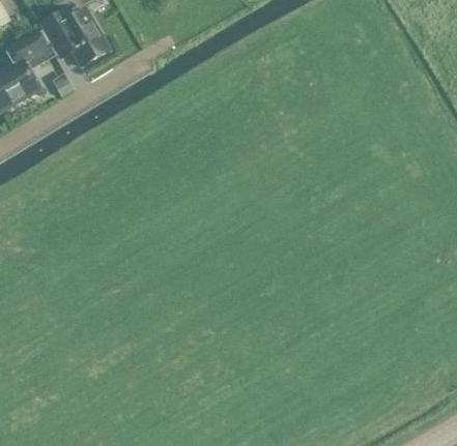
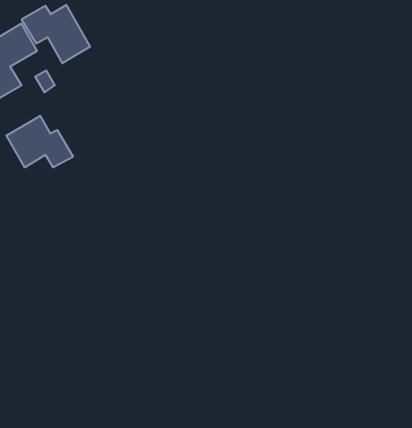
building: none -> [6,116,73,167]

